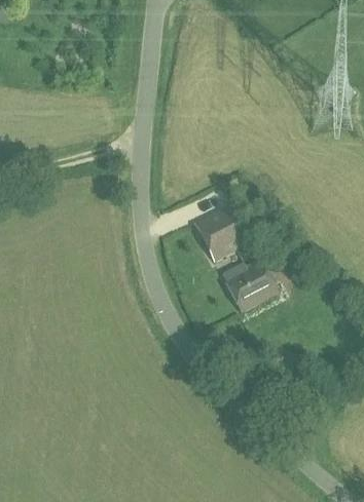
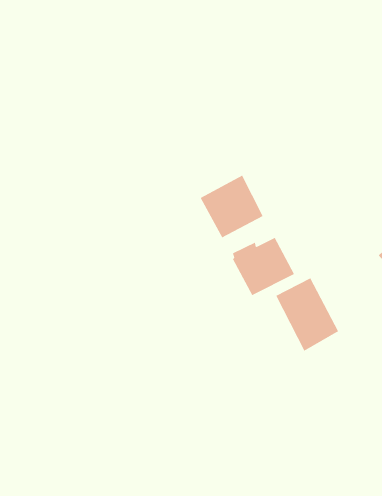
building: none -> [275,278,339,352]

